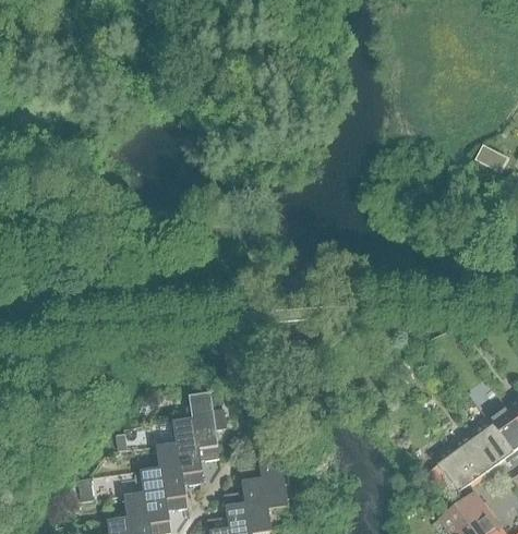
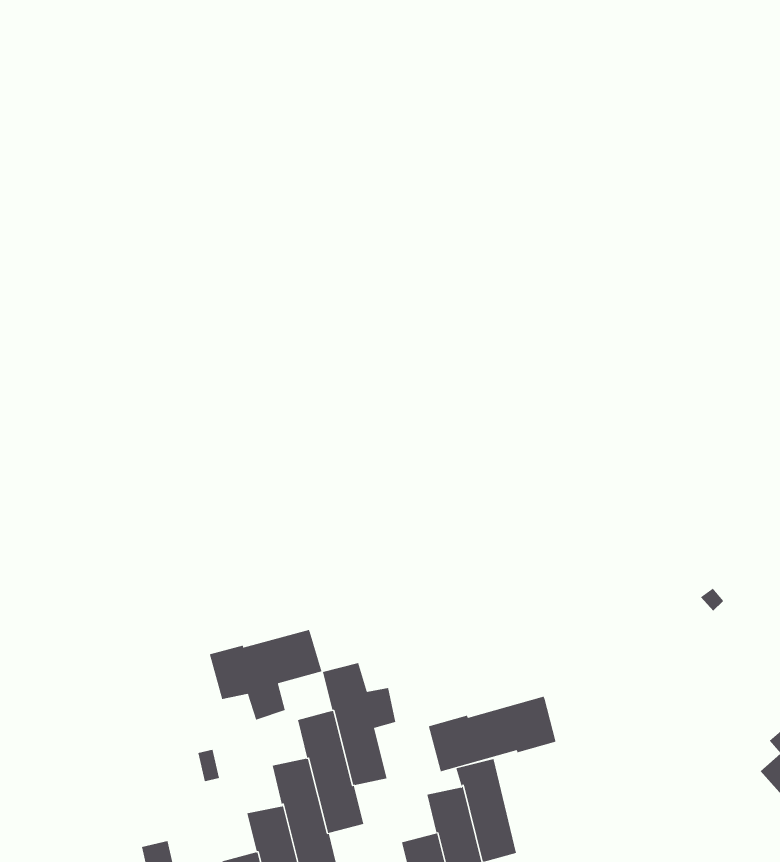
building: none -> [209,629,322,721]
building: none -> [428,696,556,772]

